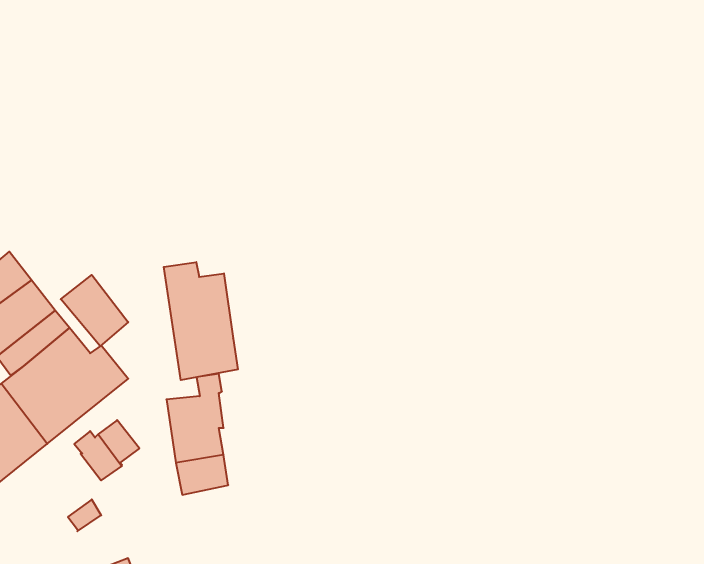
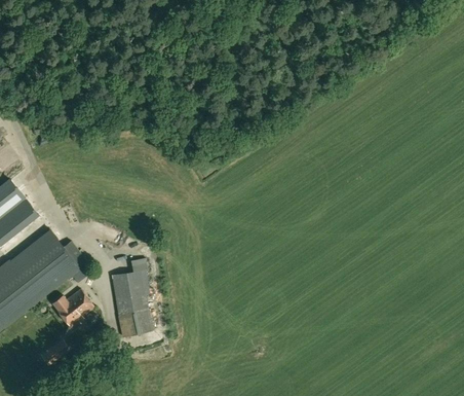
building: [164,262,238,380] -> none
building: [61,275,128,346] -> none

